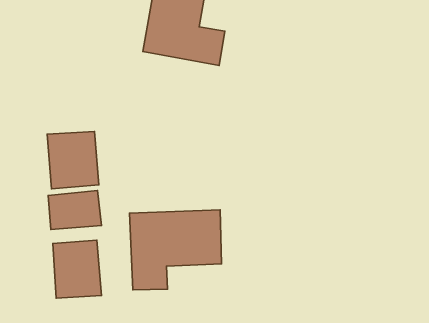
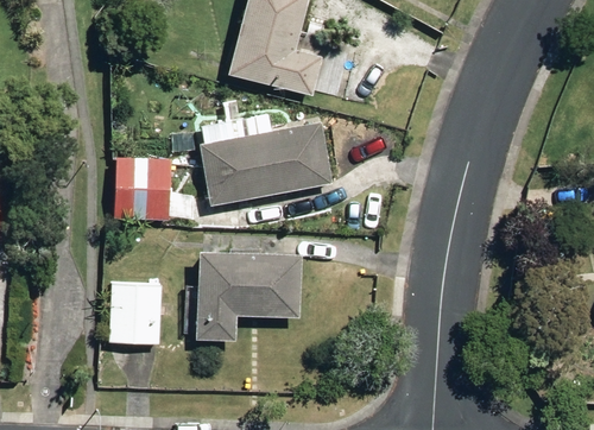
building: none -> [198,121,331,207]
building: [48,191,101,230] -> none

